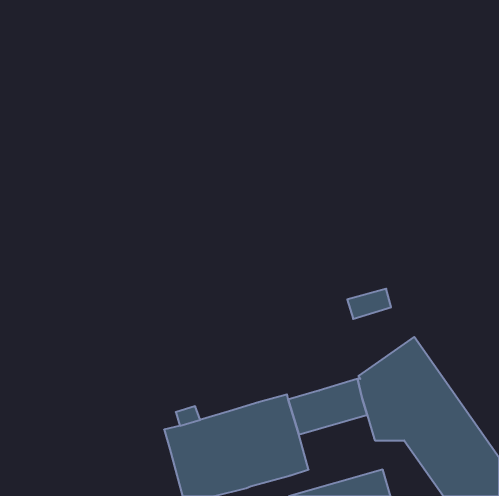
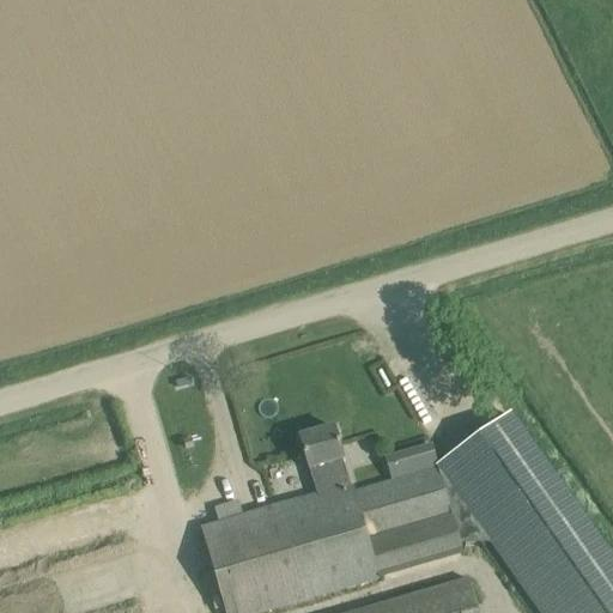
building: [347,289,391,319] -> [384,442,438,479]
building: none -> [299,424,352,493]
building: none -> [366,509,463,576]

